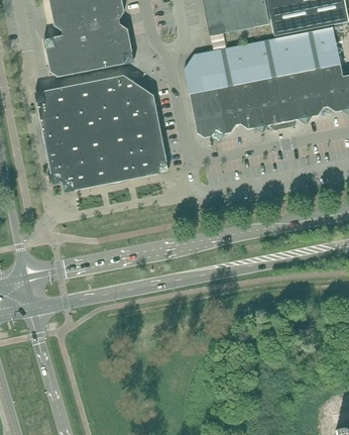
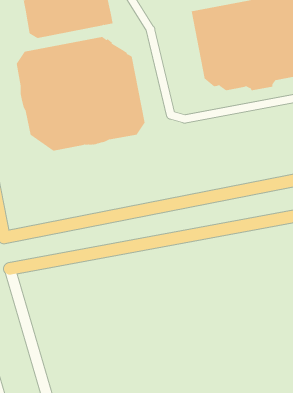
building: [184,48,235,136] -> none

